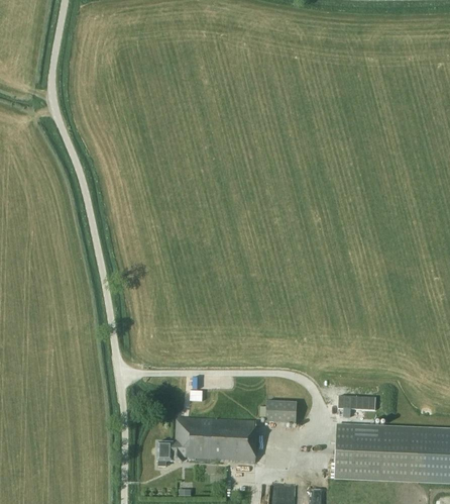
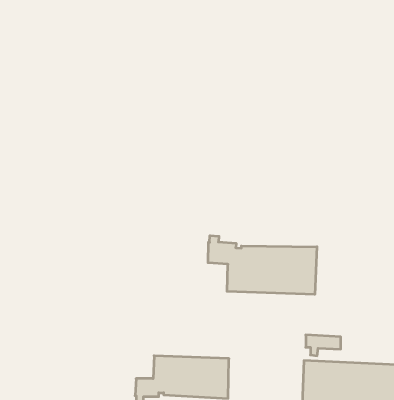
building: none -> [208,236,317,294]
building: [260,401,297,423] -> none

